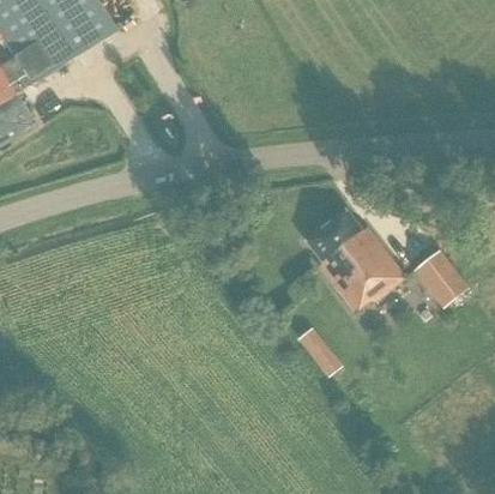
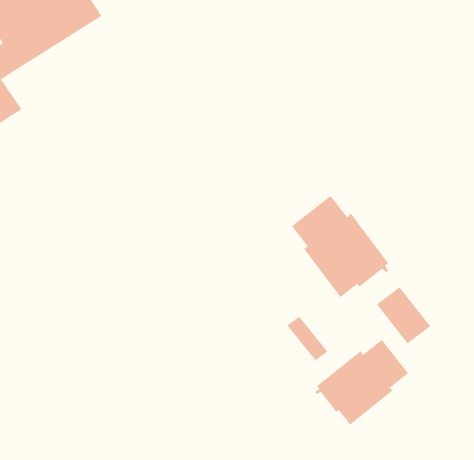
building: [413,248,469,306] -> [376,287,431,344]
building: none -> [314,339,409,425]

